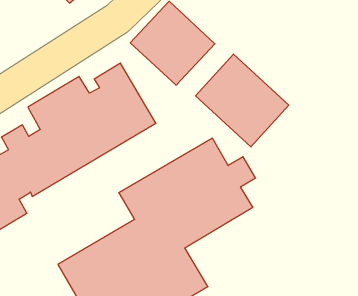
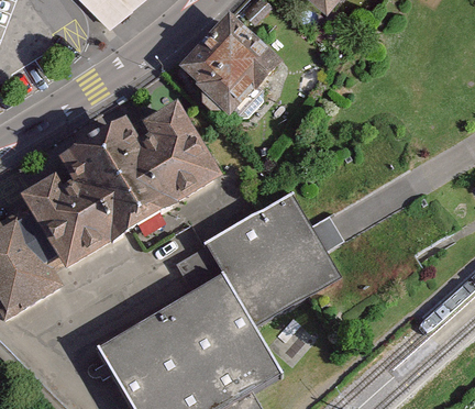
building: [196,54,289,147] -> none

